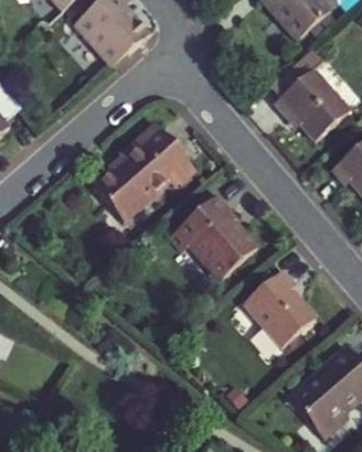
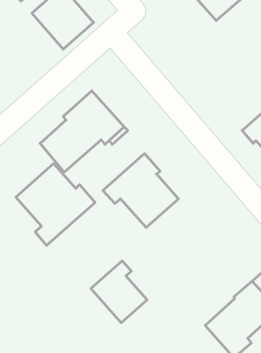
building: [267,49,343,137] -> none
building: none -> [16,164,95,245]
building: [239,271,307,345] -> [91,261,147,323]

